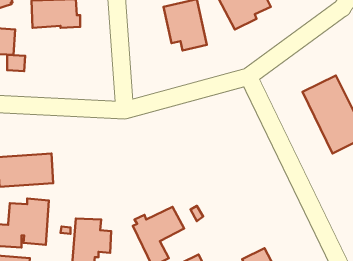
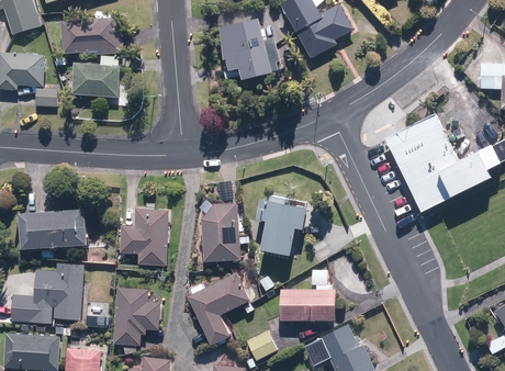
building: none -> [74,64,121,99]
building: none -> [257,193,308,252]
building: none -> [202,202,240,259]
building: none -> [120,206,170,265]
building: none -> [280,282,335,318]

